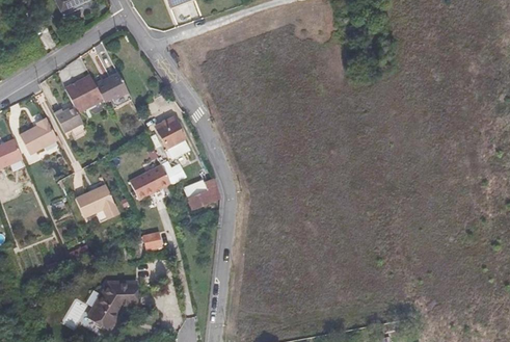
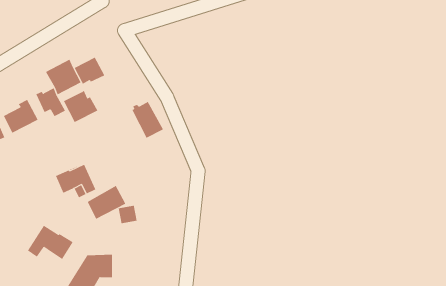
building: none -> [63,90,98,123]
building: [129,163,170,200] -> [87,185,126,219]
building: [188,179,220,209] -> none
building: none -> [27,225,73,260]

